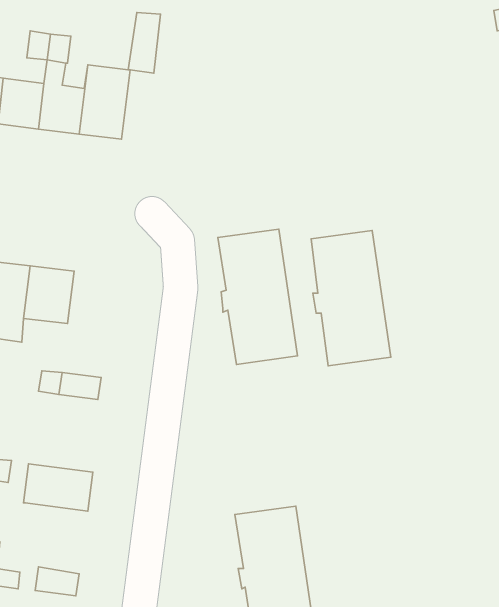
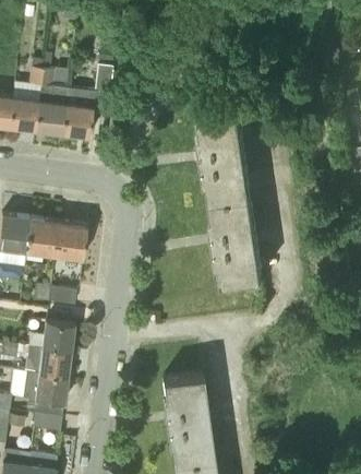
building: [218,229,297,364] -> [198,112,250,200]
building: none -> [53,221,86,258]
building: none -> [28,320,73,351]
building: none -> [22,370,67,402]

